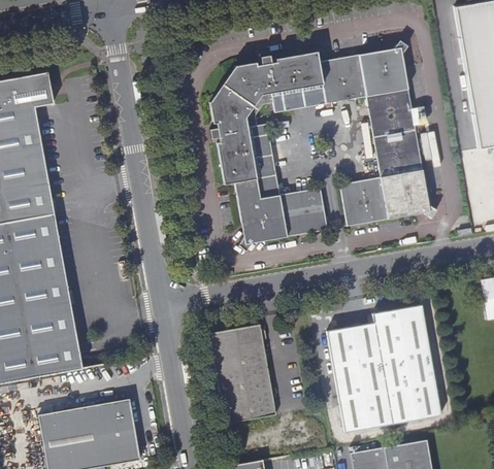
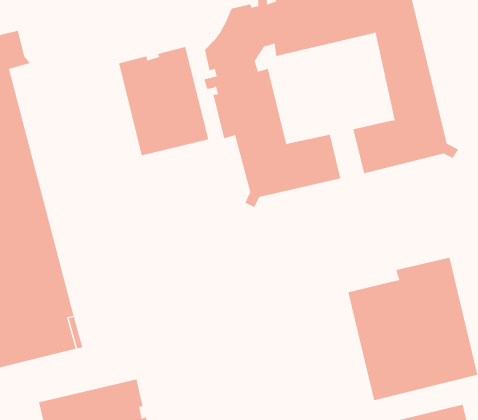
building: none -> [119,46,209,156]
building: [209,326,276,425] -> none

